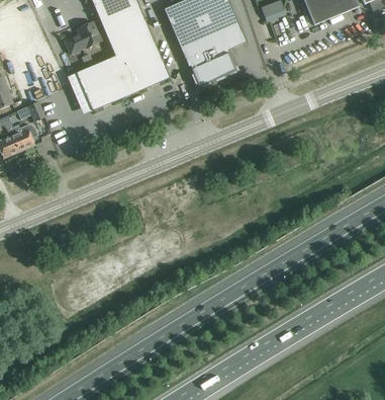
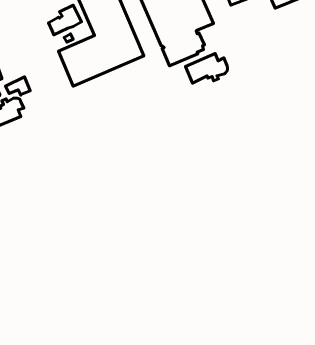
building: none -> [185,54,228,83]

